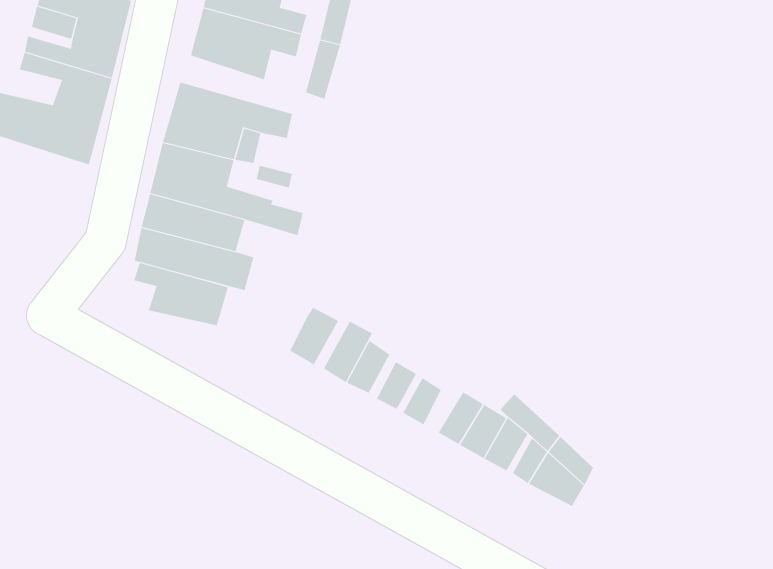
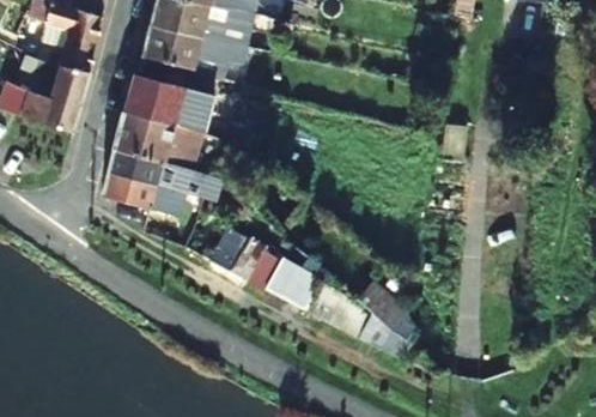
building: [133,262,228,326] -> none

